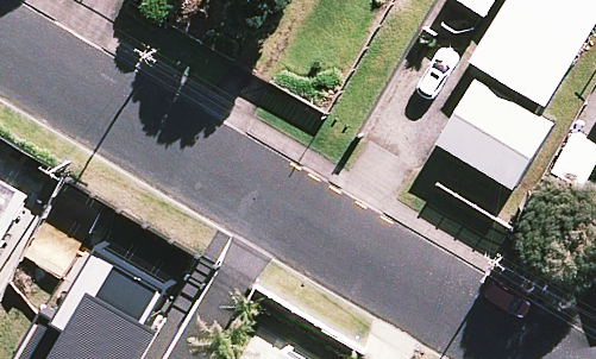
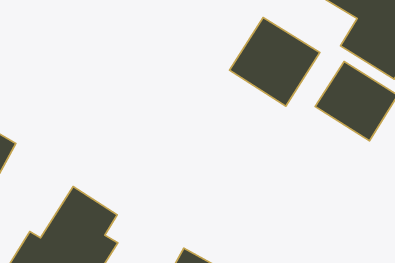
building: none -> [230,18,320,106]

